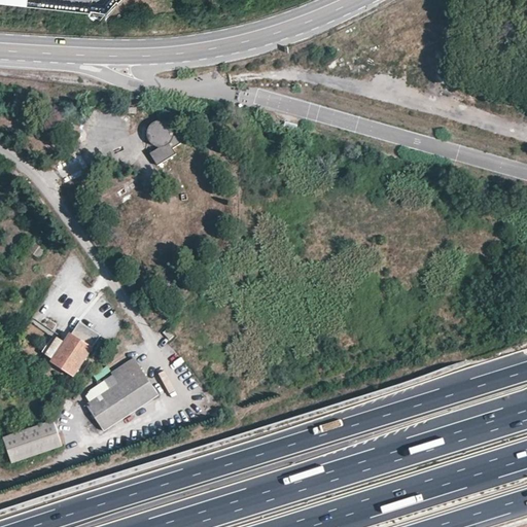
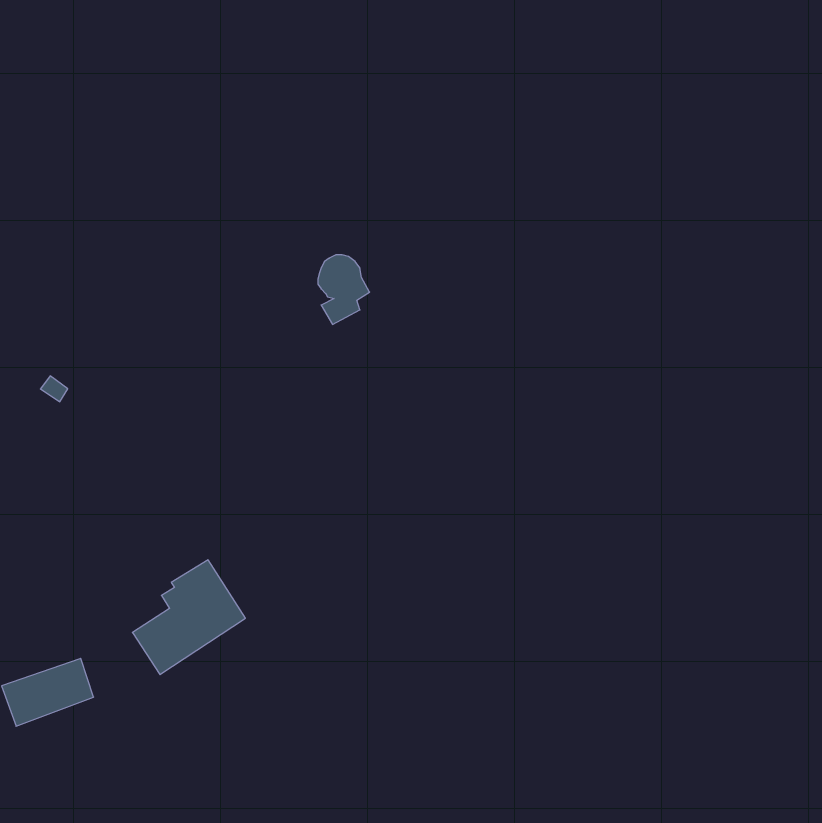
building: [147,119,180,164] -> [318,255,370,324]
building: [44,324,95,377] -> none

